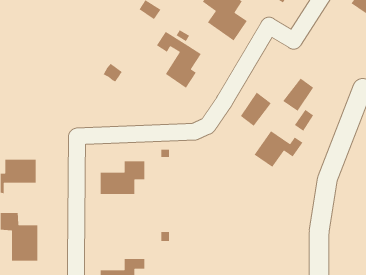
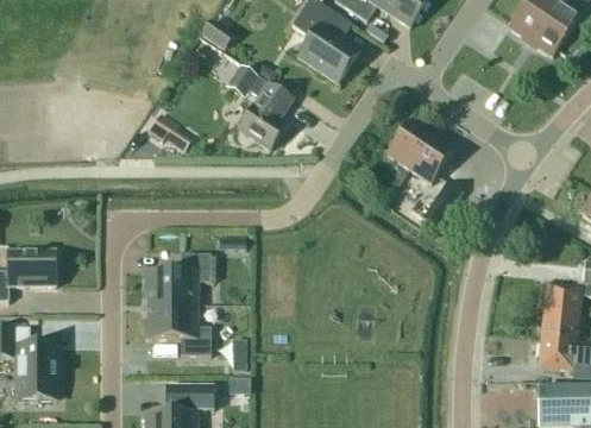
building: [240,92,272,127] -> [390,117,436,168]
building: [254,130,303,168] -> none
building: none -> [146,303,210,355]

